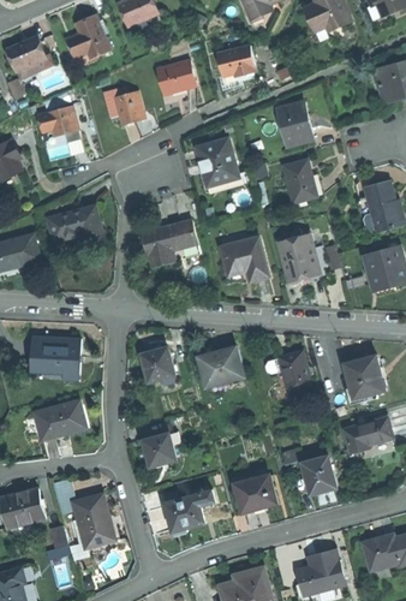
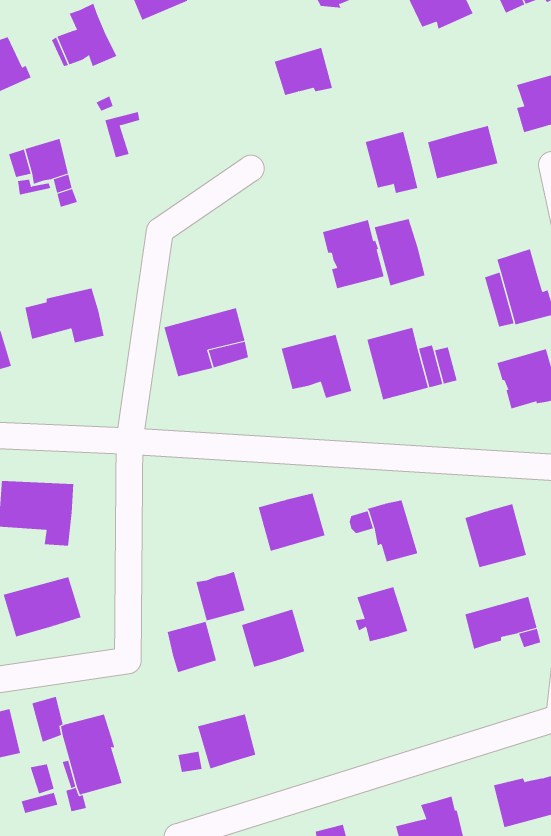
building: [155,60,196,91] -> none
building: [112,91,141,125] -> none
building: none -> [428,125,498,179]
building: [196,139,238,186] -> [322,219,385,289]
building: [147,346,180,380] -> [195,571,245,621]
building: [301,456,338,493] -> [355,586,408,642]
building: [234,474,277,513] -> [241,609,305,668]

